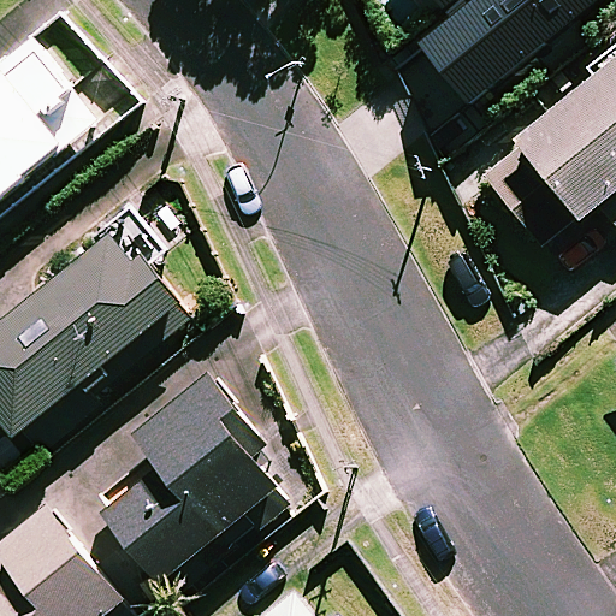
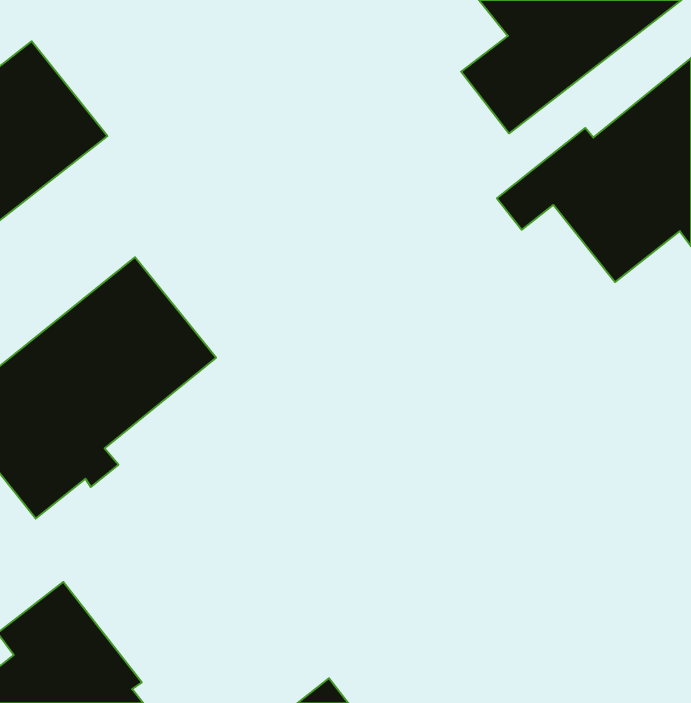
building: [101,372,289,578] -> none

